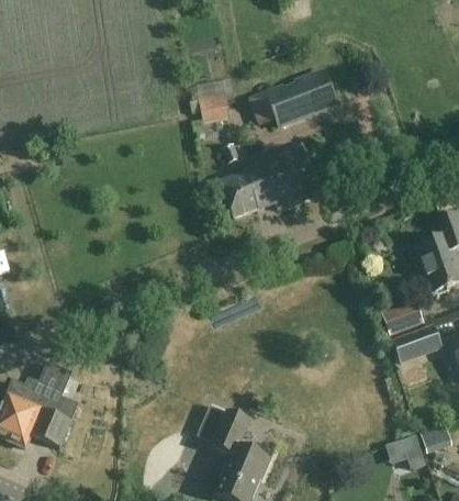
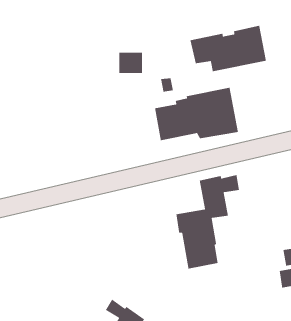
building: [199,92,231,121] -> [119,52,143,74]
building: none -> [176,174,240,269]

